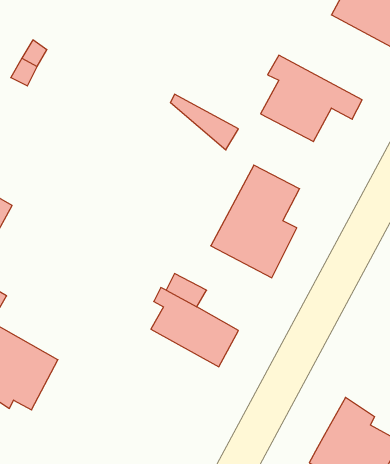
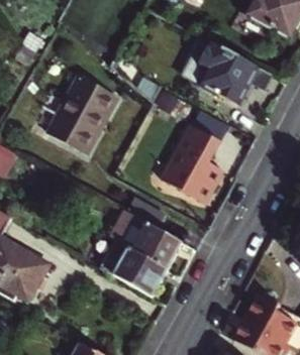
building: none -> [47,76,114,150]
building: none -> [101,239,166,293]

